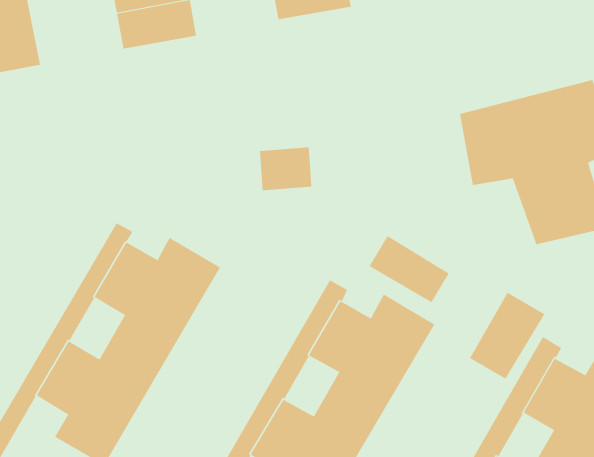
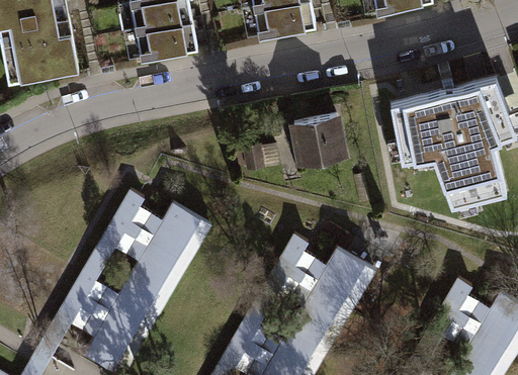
building: none -> [289,114,339,162]
building: [369,235,450,303] -> none
building: [469,292,545,380] -> none

